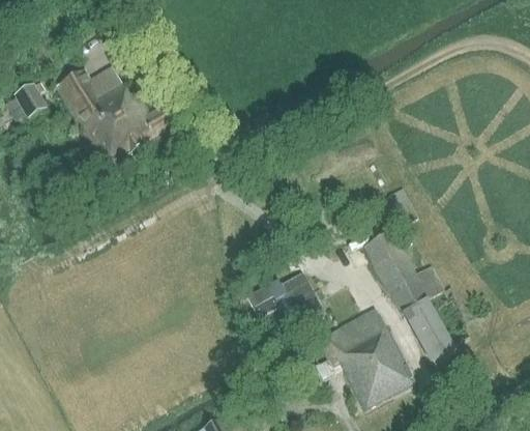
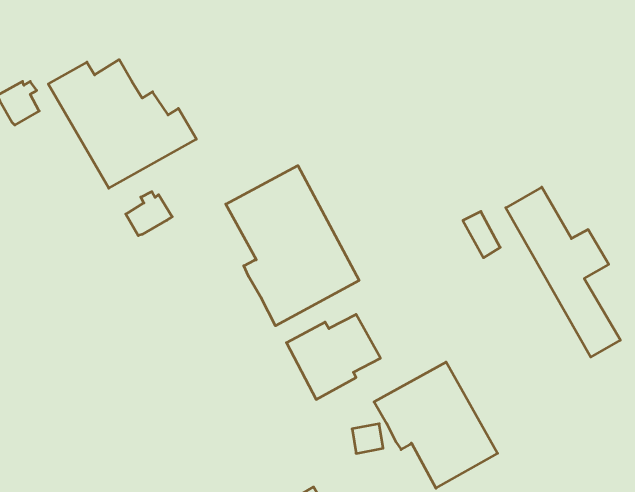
building: none -> [226,166,359,326]
building: none -> [126,192,172,236]
building: [364,229,457,366] -> [506,187,620,357]

